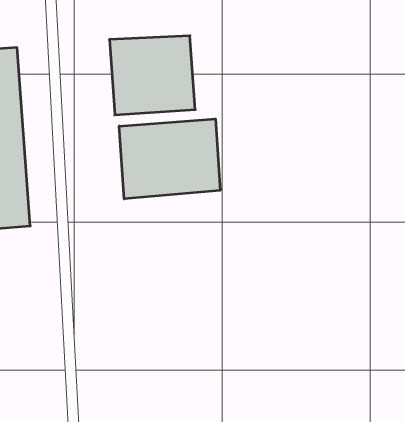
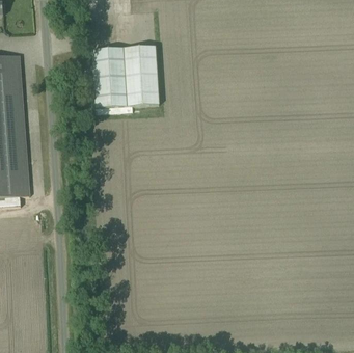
building: [119,119,220,199] -> none

